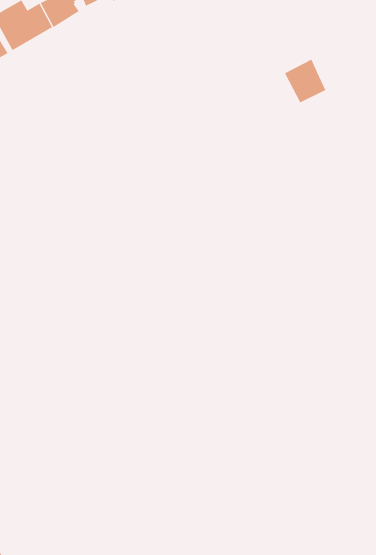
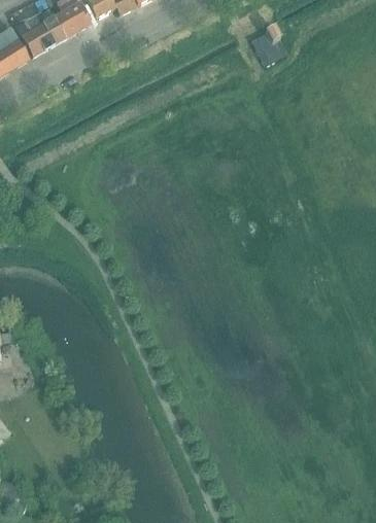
building: [284,59,326,103] -> [249,28,285,66]

